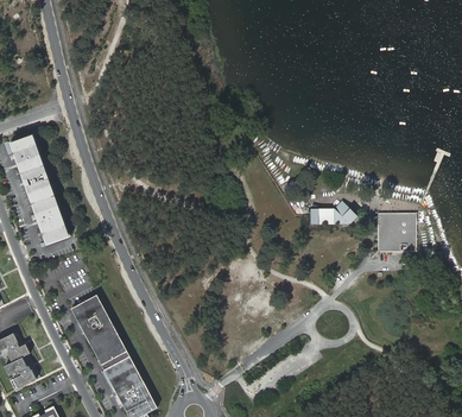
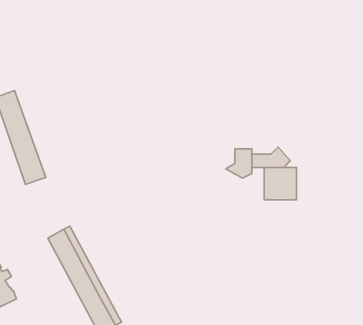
building: none -> [226,149,252,178]
building: [376,213,414,251] -> [264,167,297,200]

